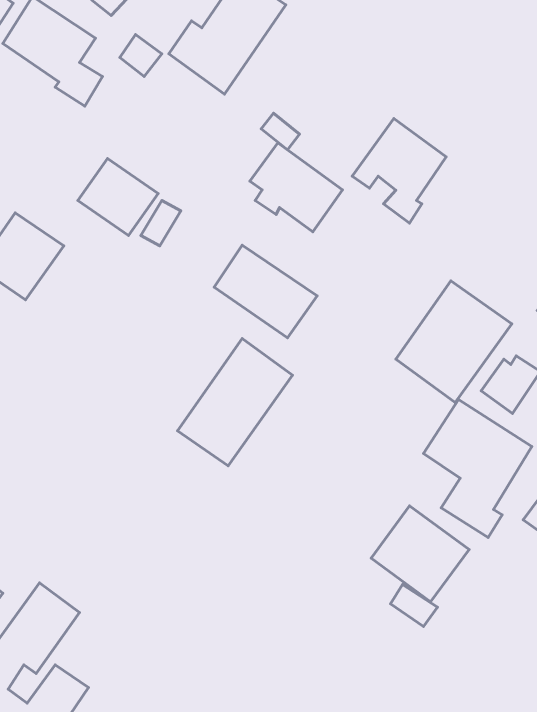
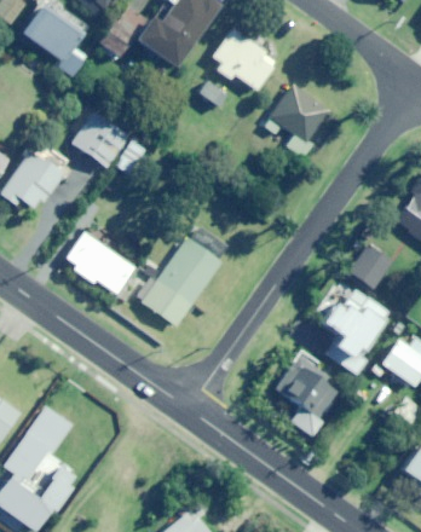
building: [250,143,342,232] -> [212,29,276,91]
building: [214,245,317,338] -> [63,232,134,296]
building: [396,281,512,402] -> none

